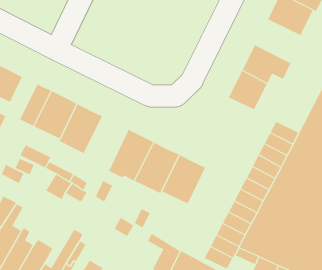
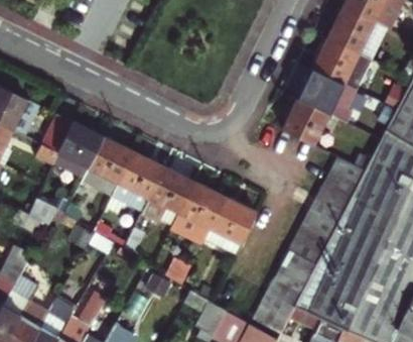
building: none -> [313,37,373,89]
building: none -> [112,151,164,211]

